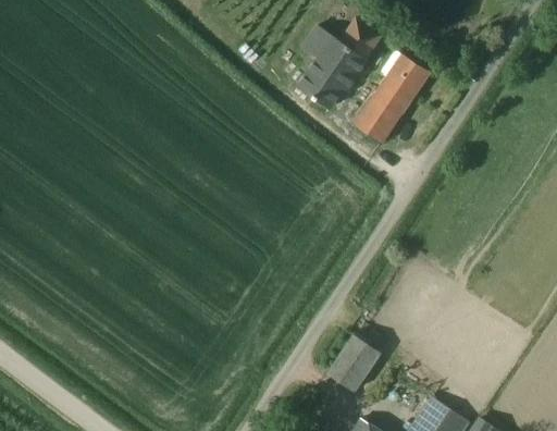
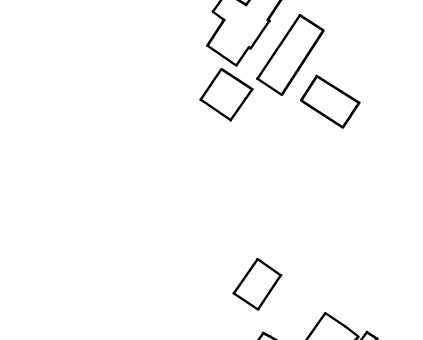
building: none -> [201,69,252,120]
building: none -> [301,76,359,127]

